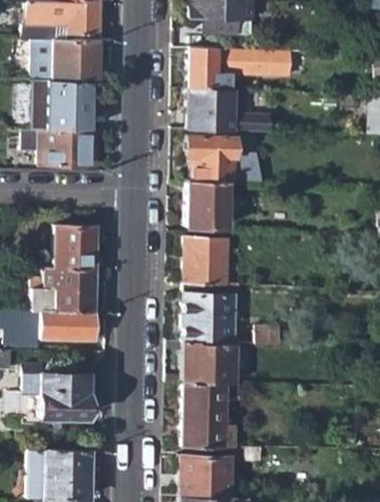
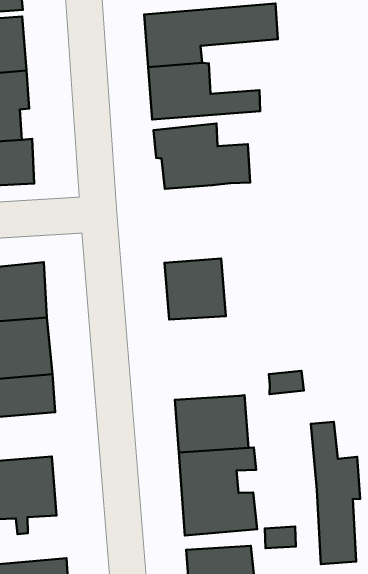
building: [187,181,230,228] -> none
building: [184,281,235,344] -> none
building: none -> [311,422,360,564]

